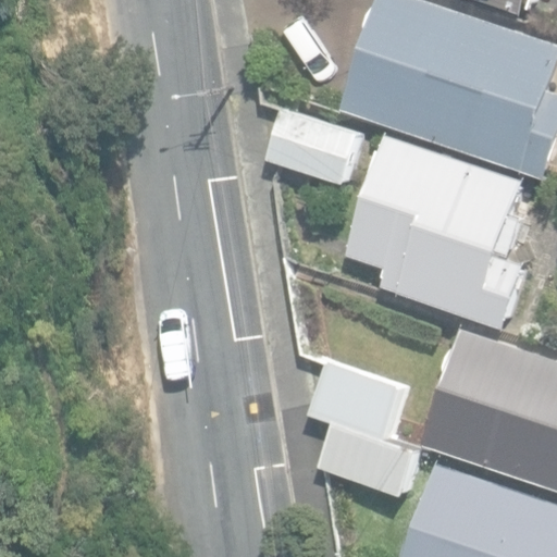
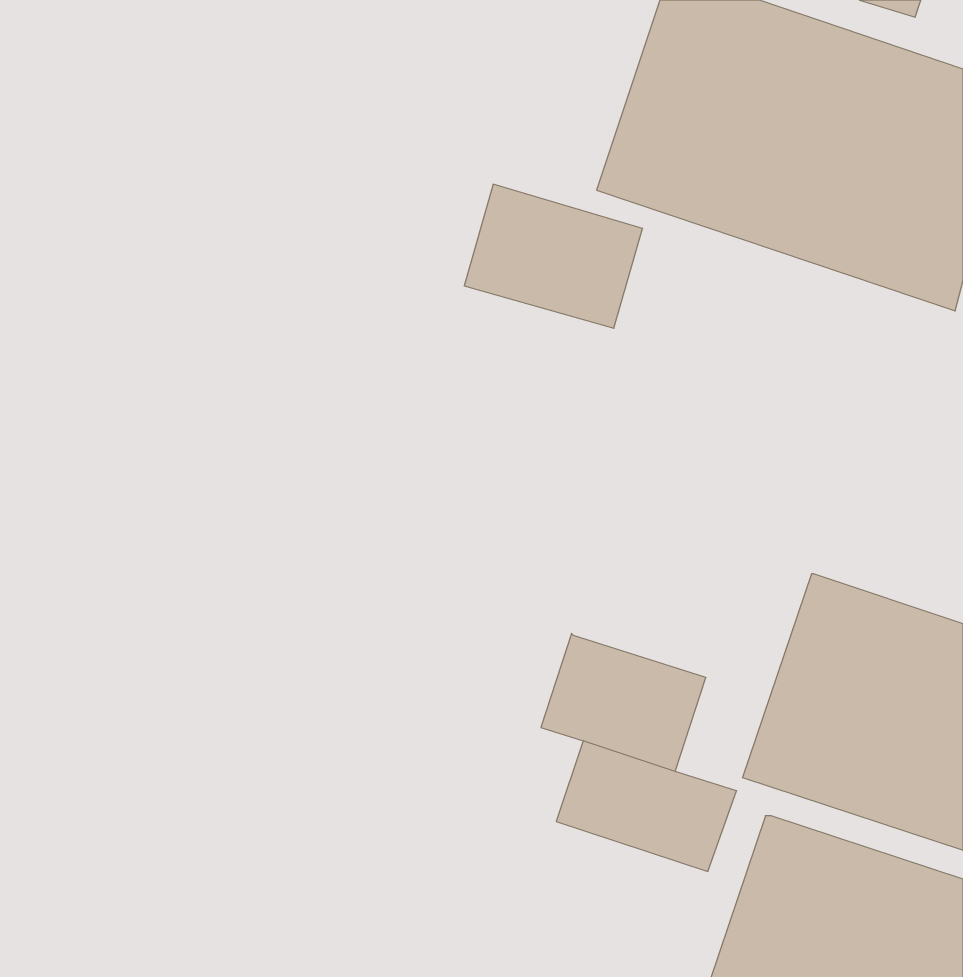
building: [347,136,524,327] -> none

